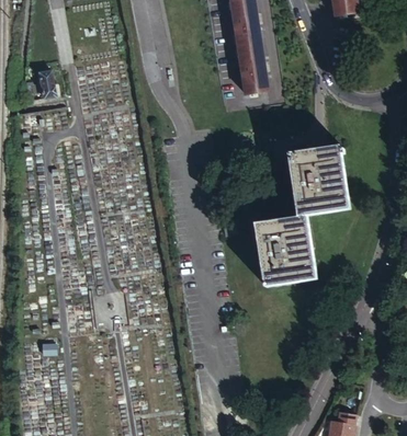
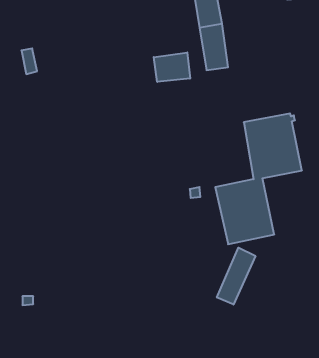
building: none -> [154,52,190,82]
building: none -> [217,248,255,305]

